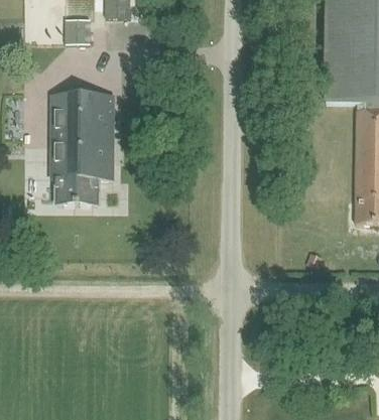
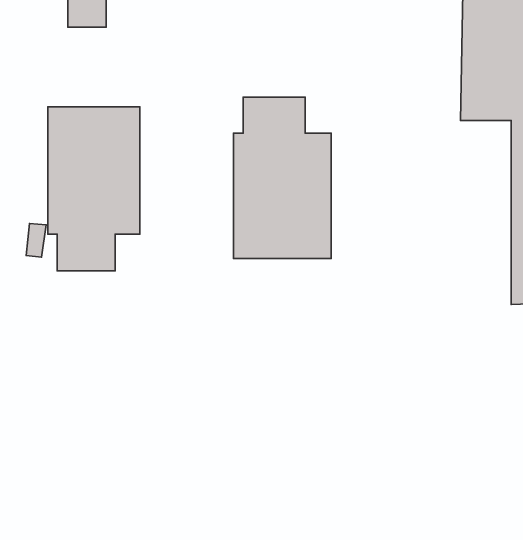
building: none -> [233,97,331,258]

